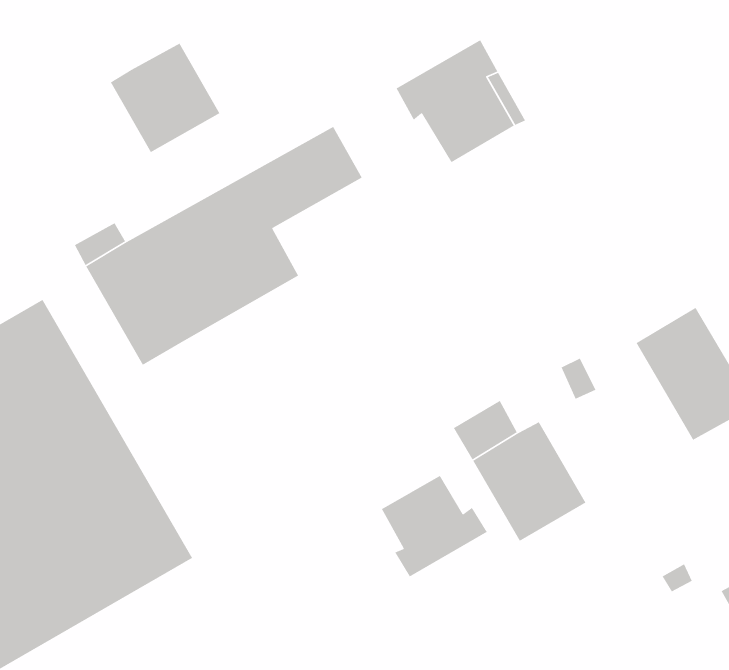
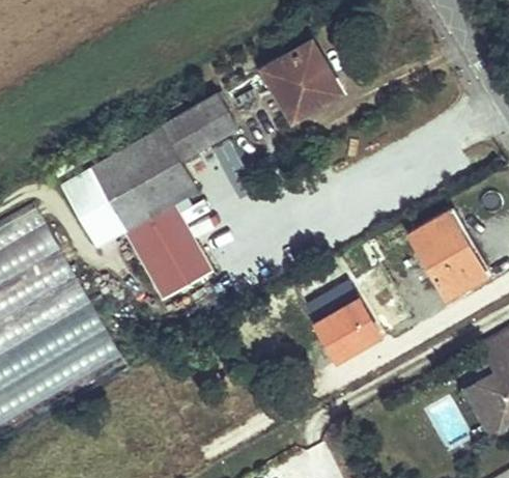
building: [110,43,220,153] -> none
building: none -> [123,203,213,300]
building: [381,475,488,578] -> none

